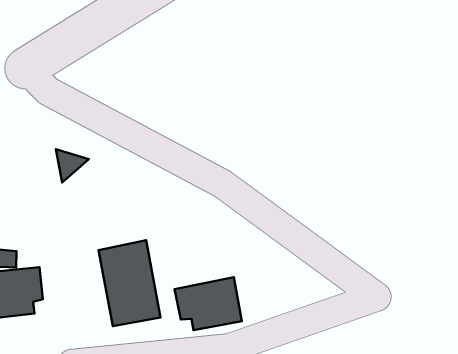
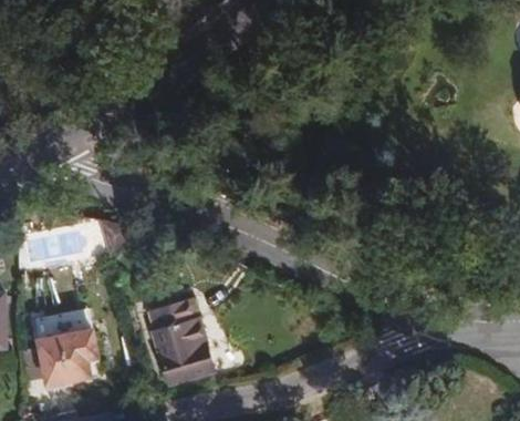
building: [175,277,242,330] -> none

